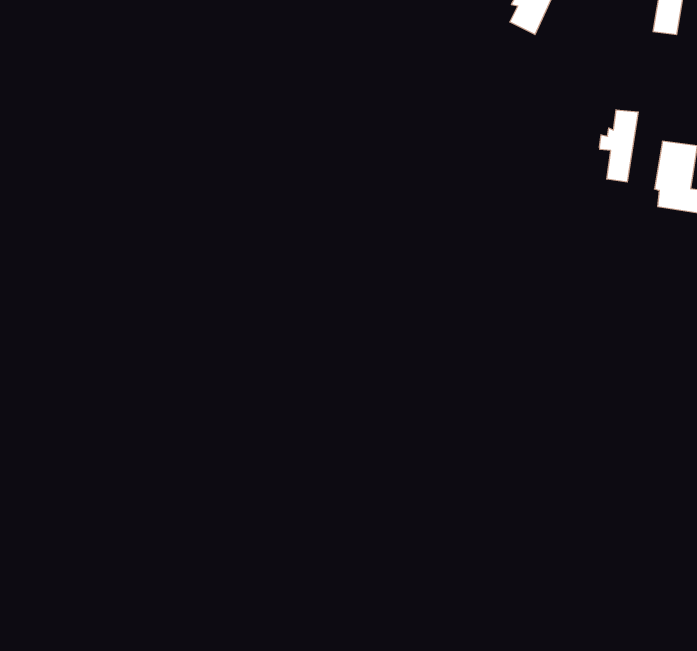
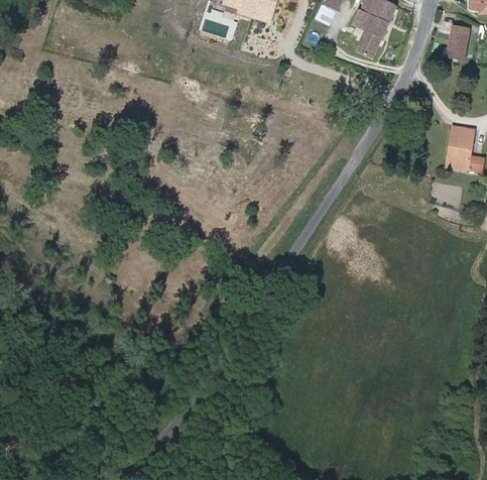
building: [600,110,638,182] -> none

